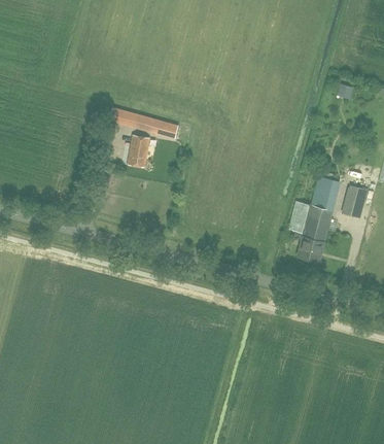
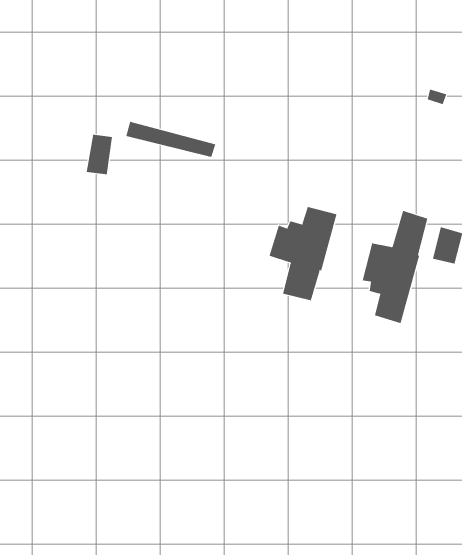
building: [128,135,148,166] -> [86,134,113,175]
building: none -> [269,206,337,301]

